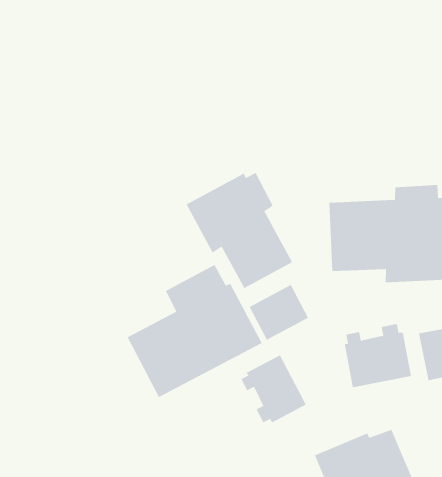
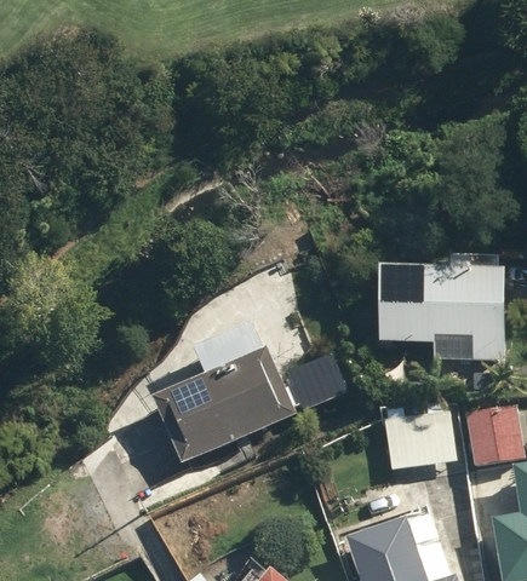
building: [186,172,293,289] -> none
building: [241,354,307,423] -> none

